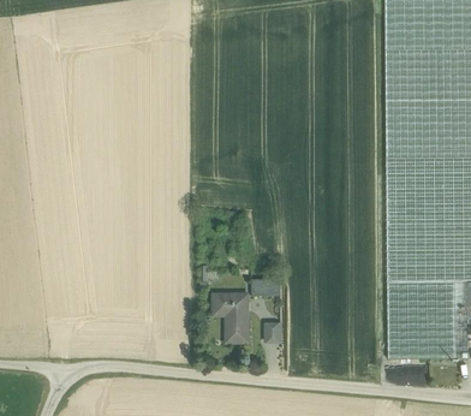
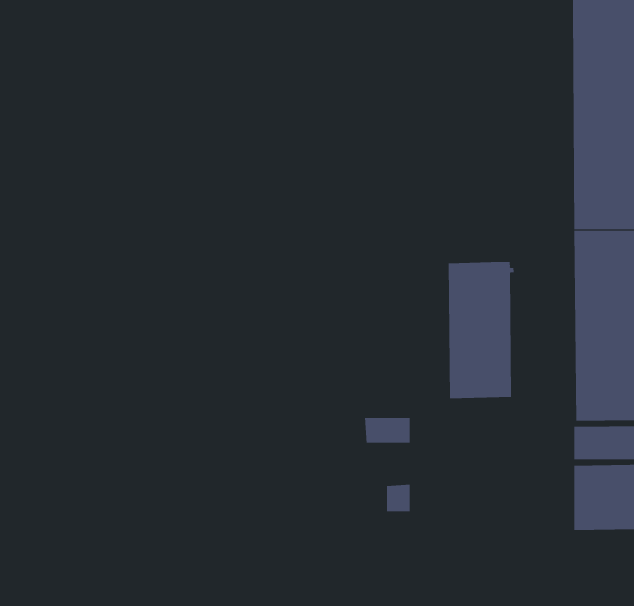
building: none -> [448,261,514,399]
building: [213,292,249,341] -> none

